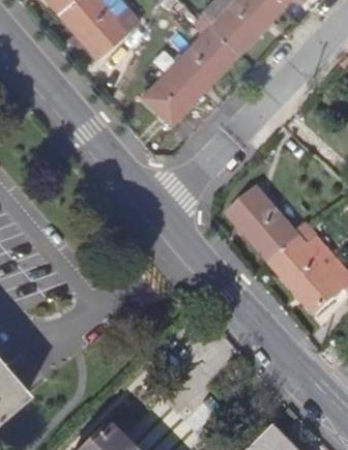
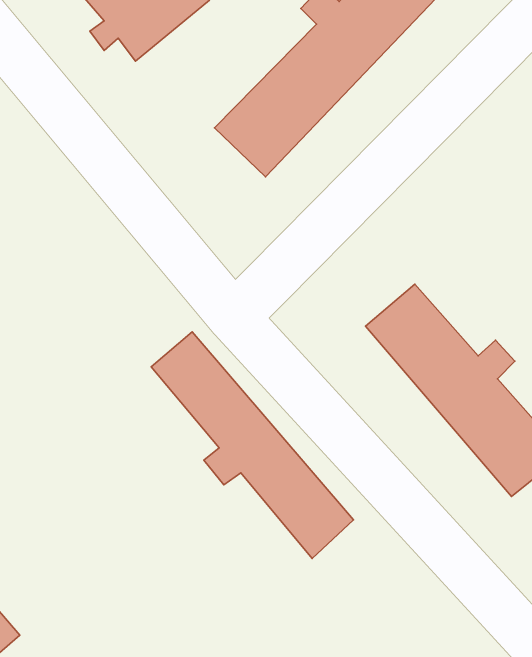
building: none -> [151,332,353,558]

